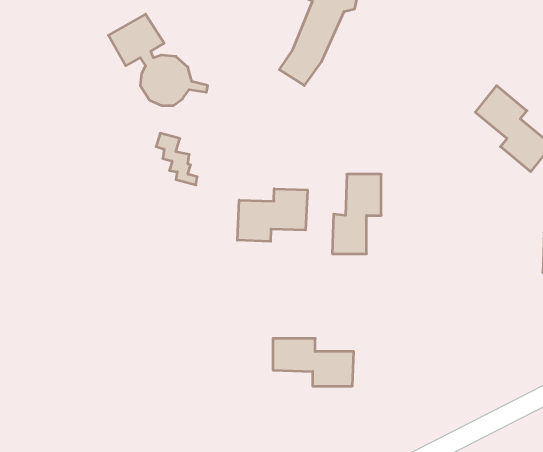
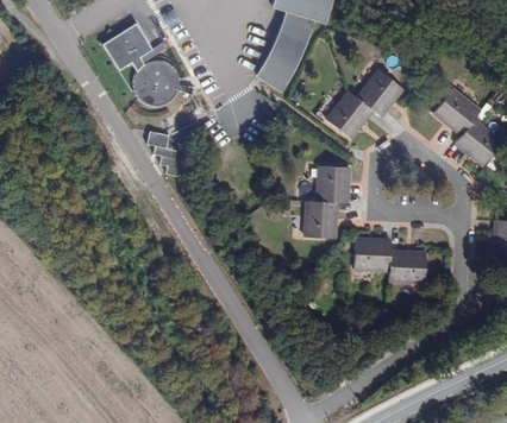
building: none -> [325,69,403,139]
building: [237,189,307,241] -> none
building: [273,338,354,386] -> [355,240,427,283]

